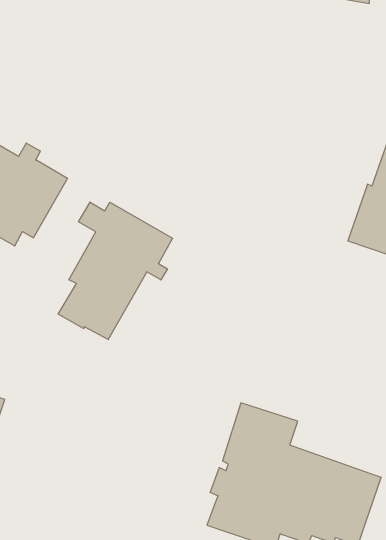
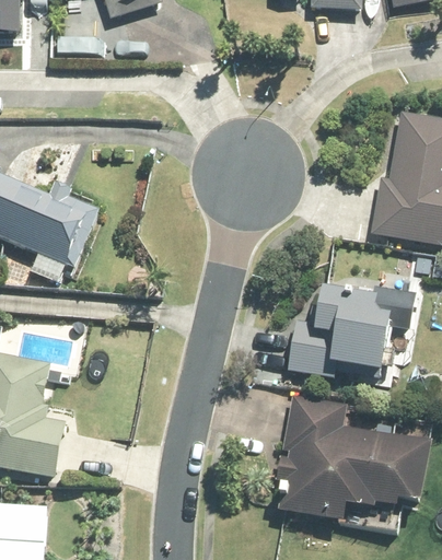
building: [58,202,173,340] -> none
building: none -> [284,291,388,377]

